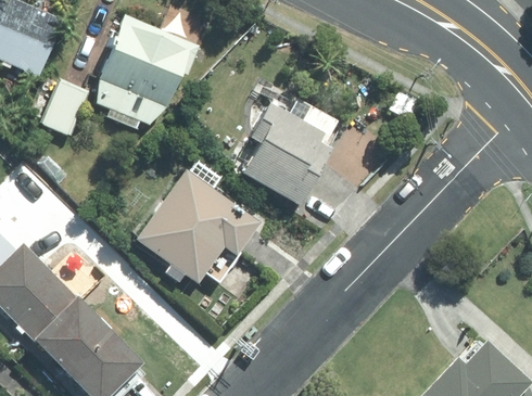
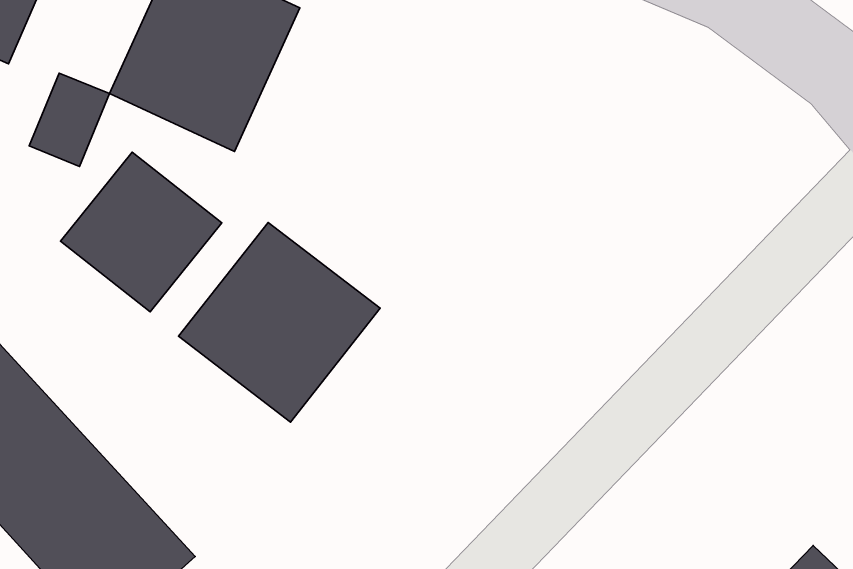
building: [230,74,325,204] -> none
building: none -> [60,152,222,312]

